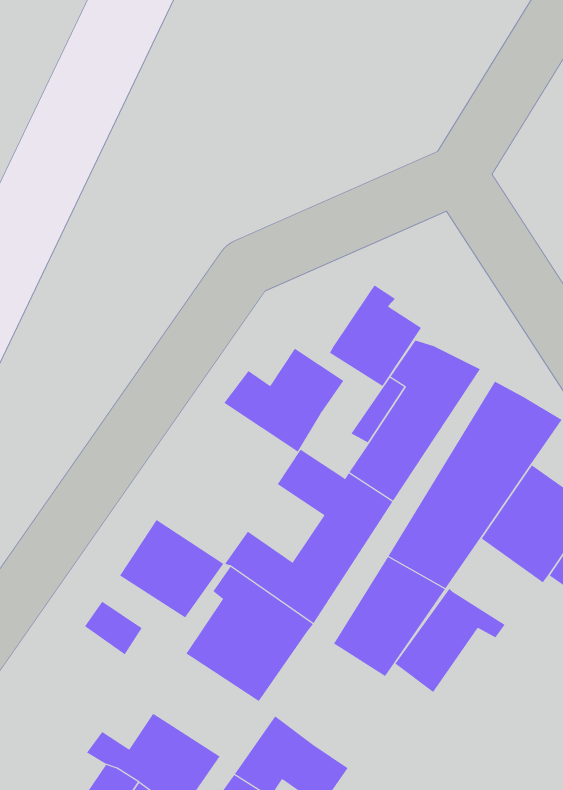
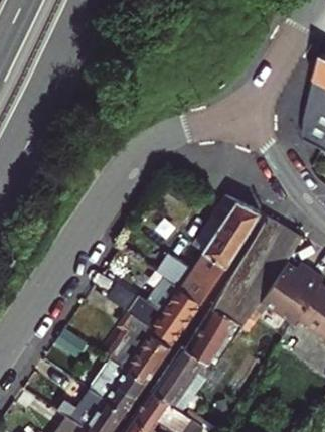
building: [329,285,422,387] -> none
building: [223,348,344,452] -> none
building: [119,519,224,618] -> [90,362,144,413]
building: [395,588,505,693] -> [152,352,209,407]

